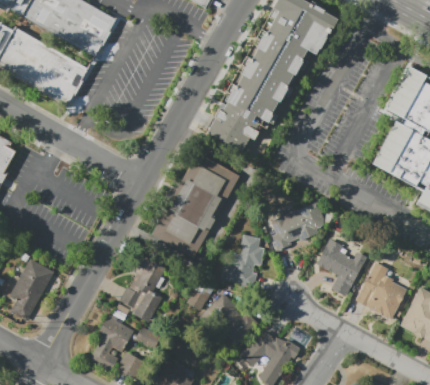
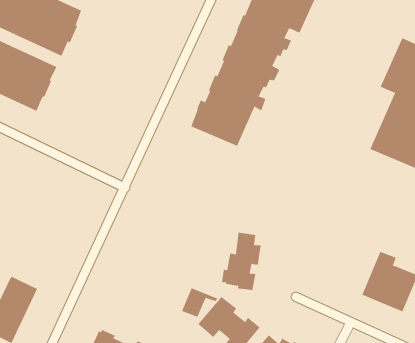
building: [152,152,239,258] -> none
building: [269,201,325,250] -> none
building: [316,237,367,296] -> none
building: [119,253,165,321] -> none

